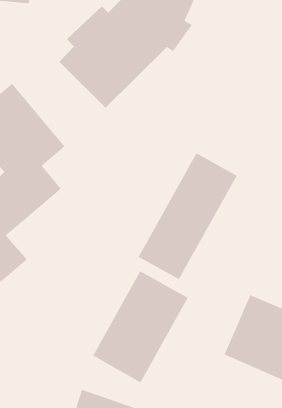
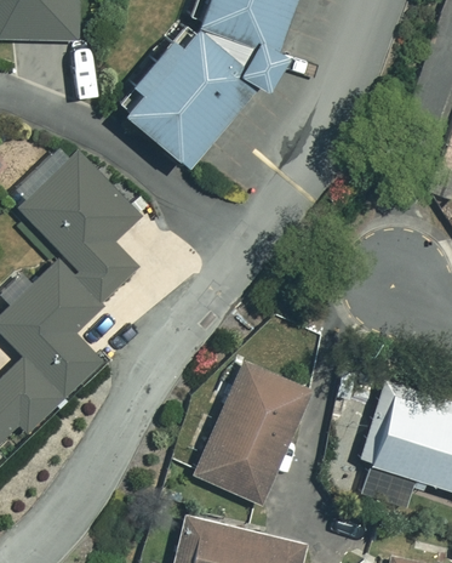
building: [138,152,238,280] -> none

